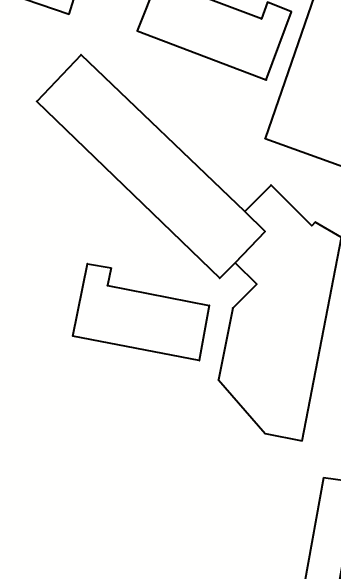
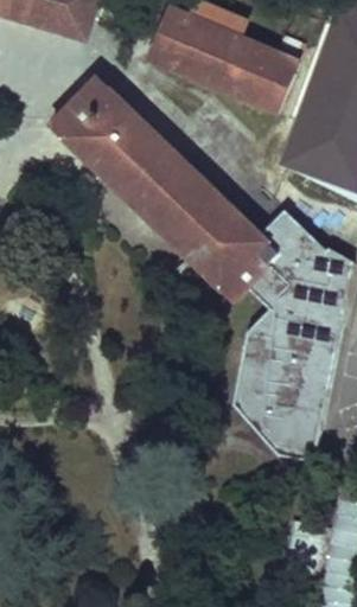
building: [73,264,209,361] -> none

